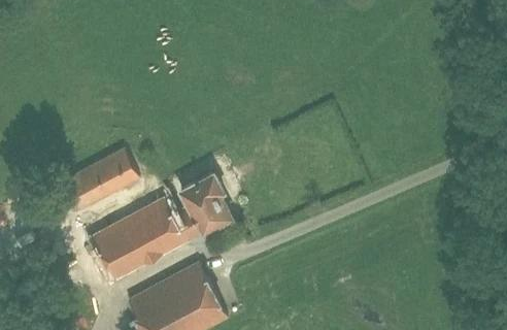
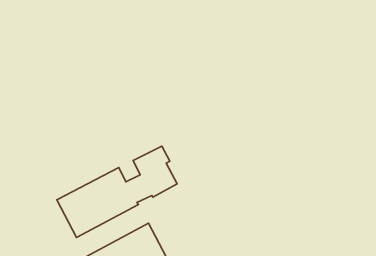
building: [62,148,138,210] -> none

